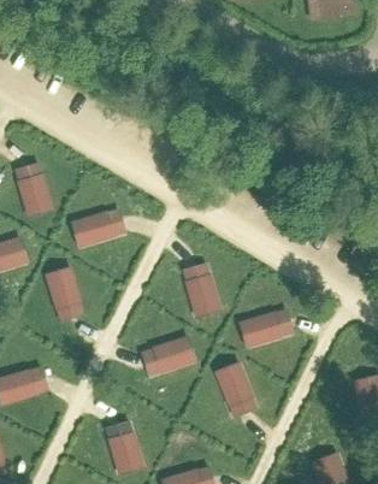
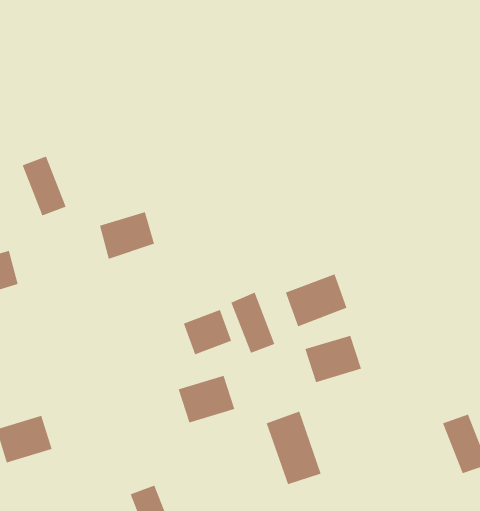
building: none -> [285,273,347,327]
building: [46,265,81,312] -> none
building: none -> [183,309,232,355]

